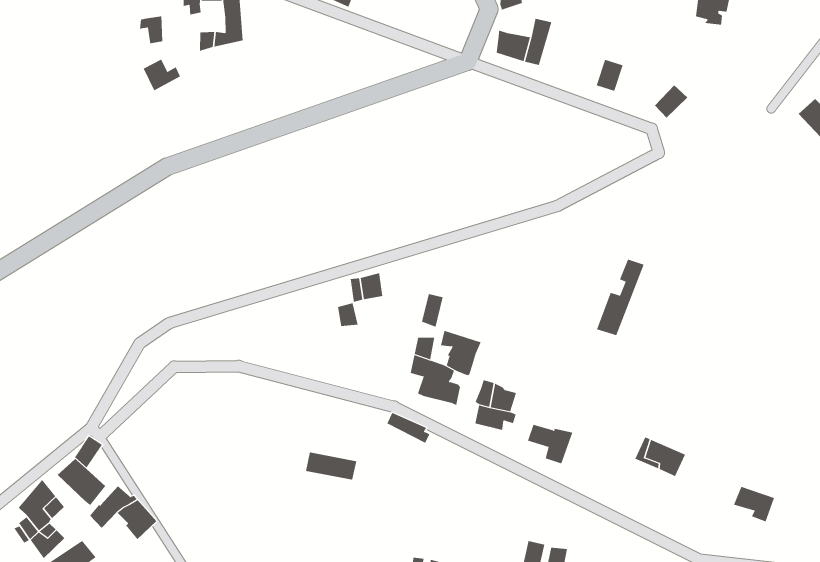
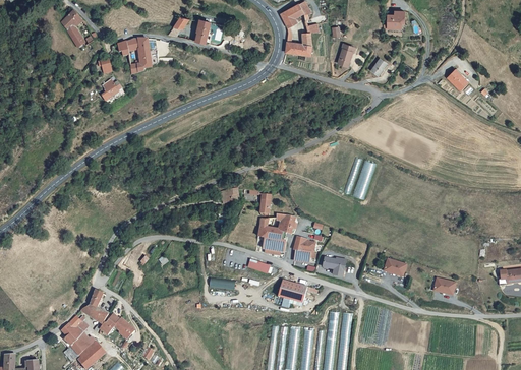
building: none -> [278,276,307,300]

